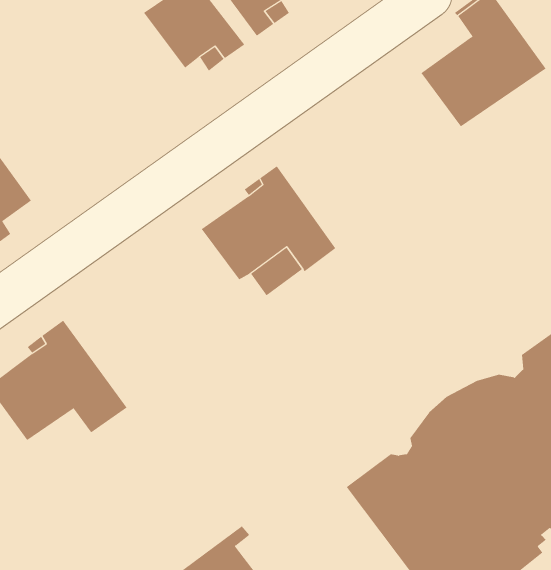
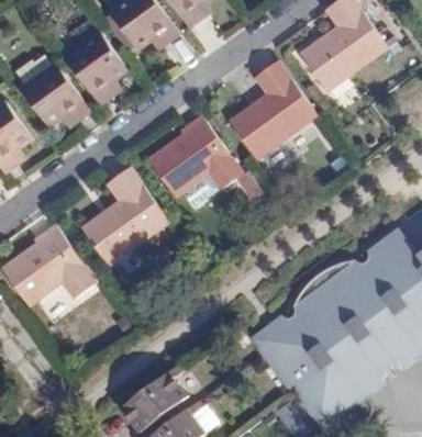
building: none -> [64,31,126,102]
building: none -> [229,59,318,158]
building: none -> [19,64,88,125]
building: none -> [82,168,169,265]

